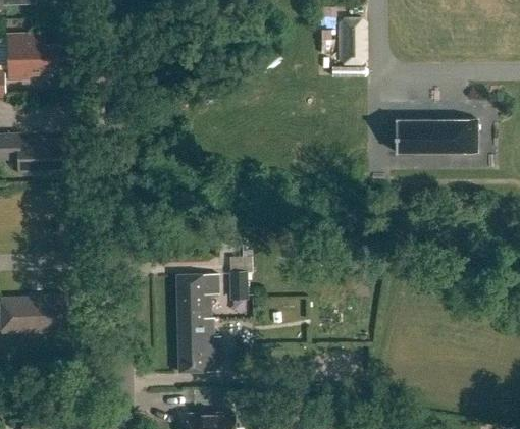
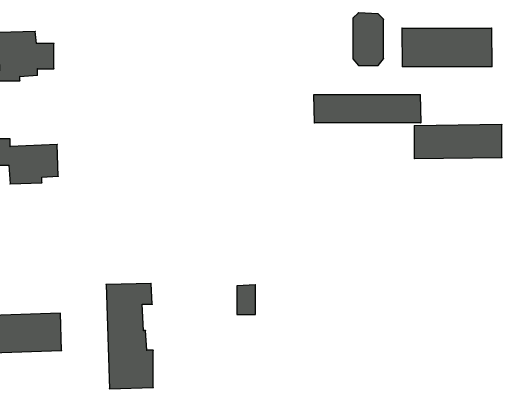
building: none -> [402,28,492,67]
building: none -> [314,95,421,123]
building: [175,275,219,373] -> [106,283,153,389]

